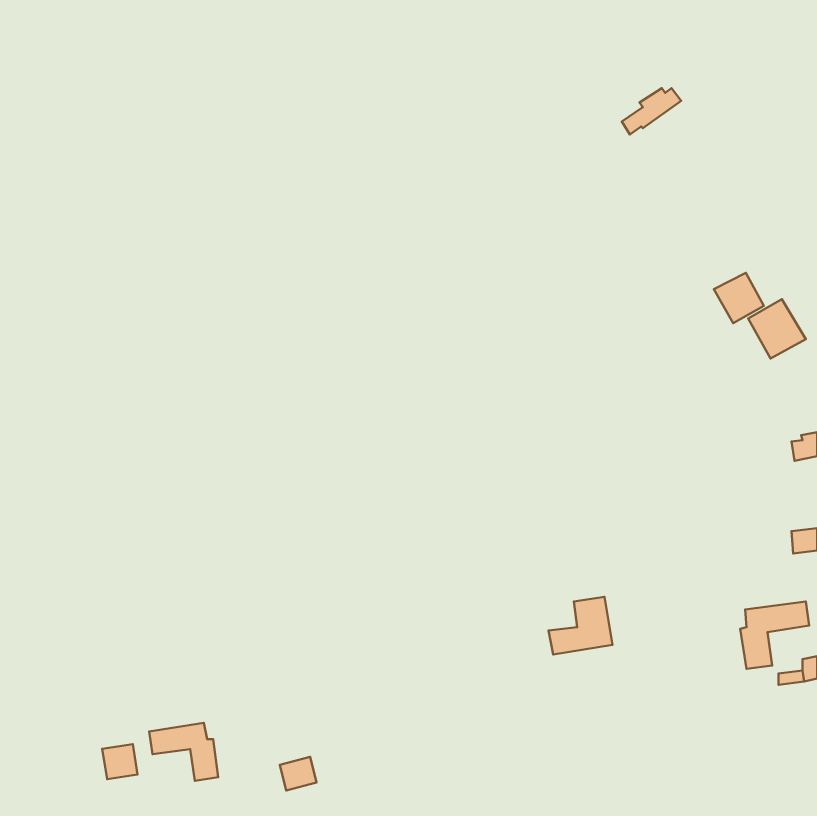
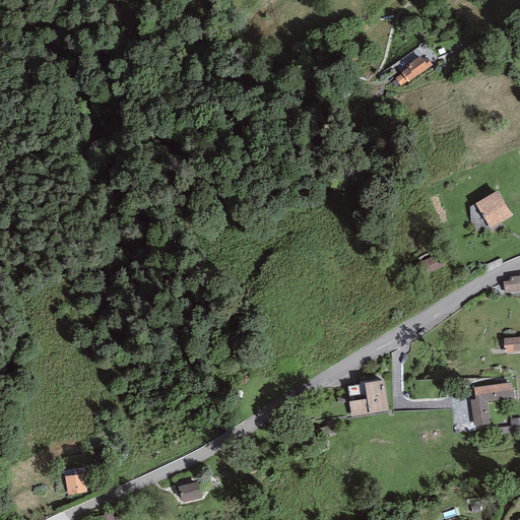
building: [714,273,764,323] -> none
building: [149,723,218,781] -> none

